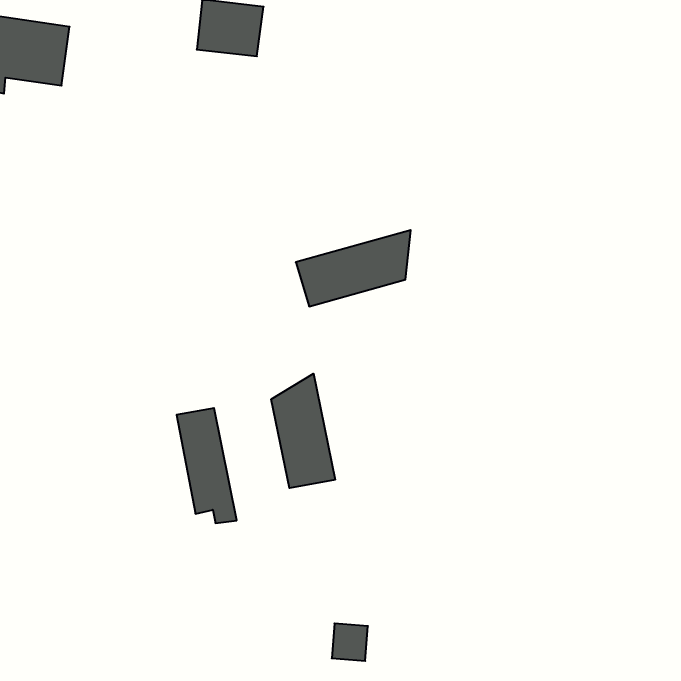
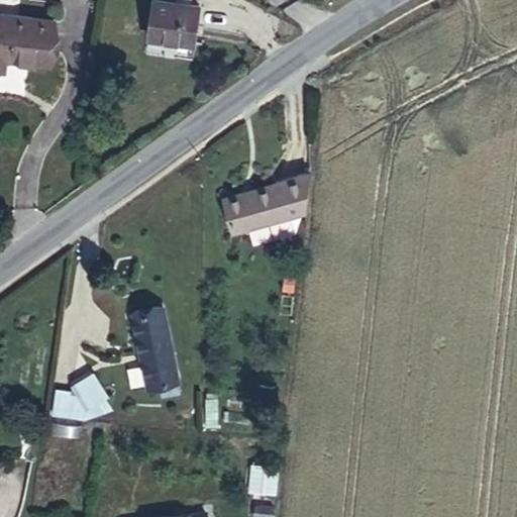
building: [271,374,335,488] -> none
building: none -> [53,376,106,418]

